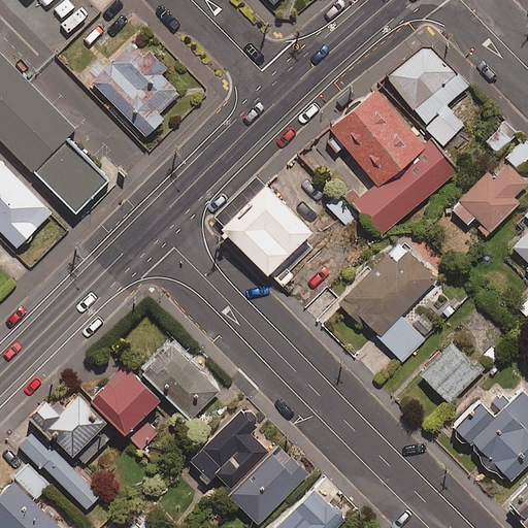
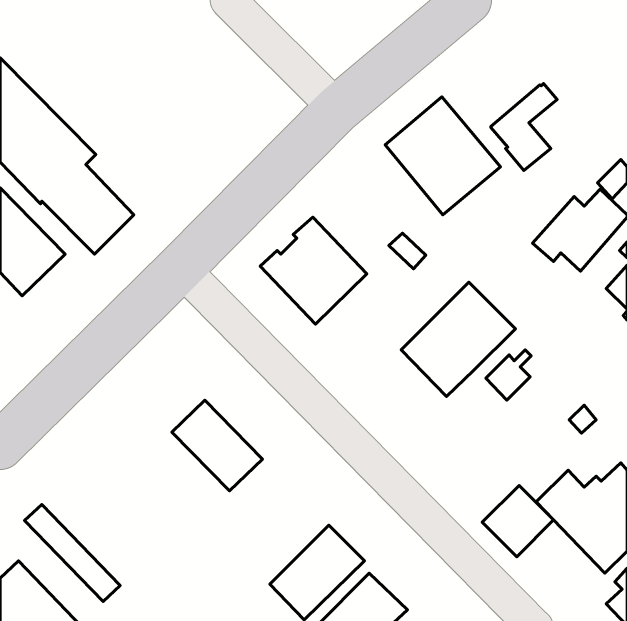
building: [385,43,454,111] -> none
building: [93,47,180,141] -> none
building: [351,139,459,239] -> none
building: [375,317,425,365] -> none
building: [419,345,478,405] -> [482,486,553,557]
building: [94,359,162,427] -> none
building: [31,390,108,452] -> none
building: [197,408,267,485] -> none

